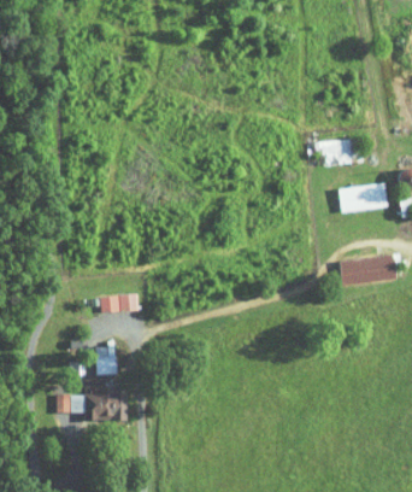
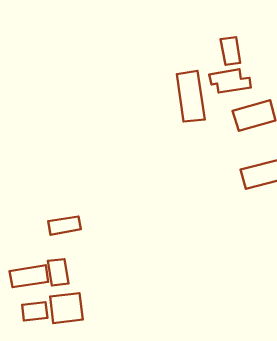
building: none -> [221,37,240,65]
building: none -> [177,71,205,122]
building: none -> [9,265,48,287]

